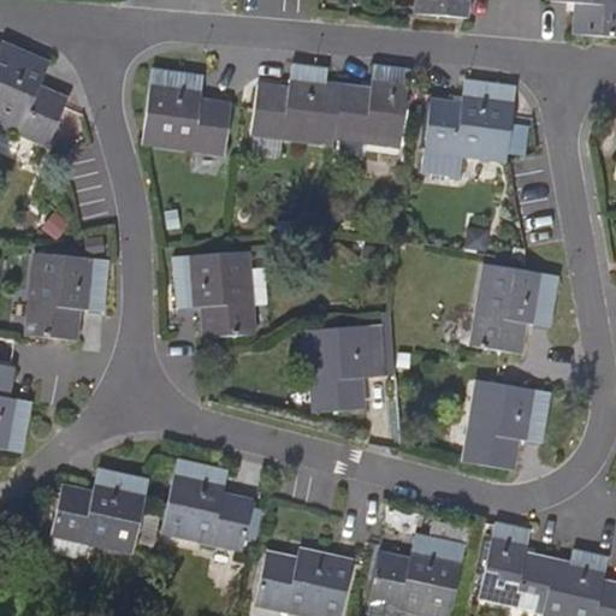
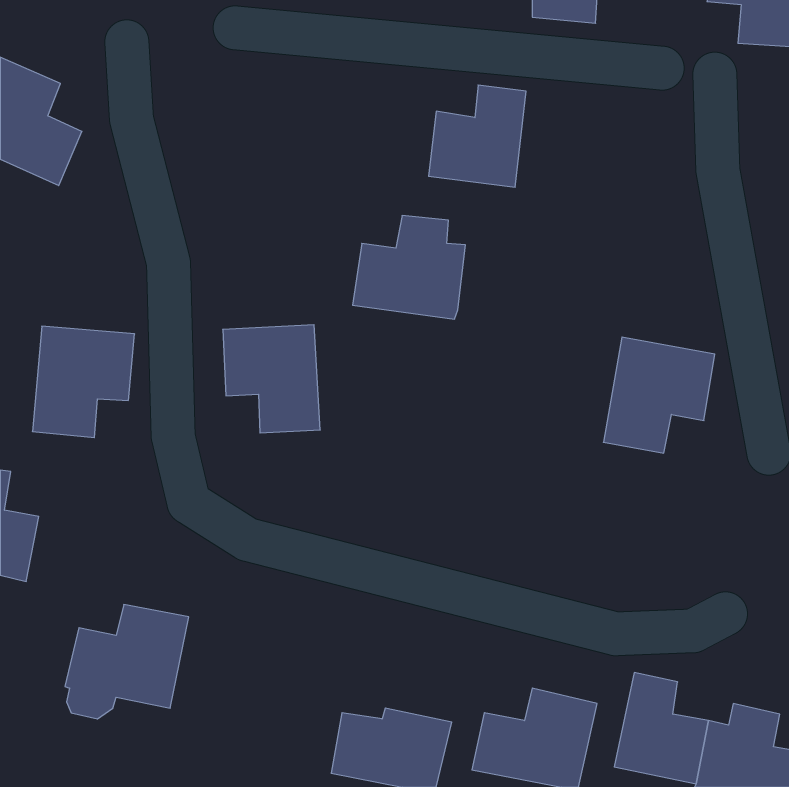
building: [253,64,340,144] -> [353,216,465,319]
building: [141,70,227,152] -> none
building: [421,81,515,177] -> none
building: [308,321,384,409] -> none
building: [464,380,550,470] -> none
building: [164,460,254,547] -> none

